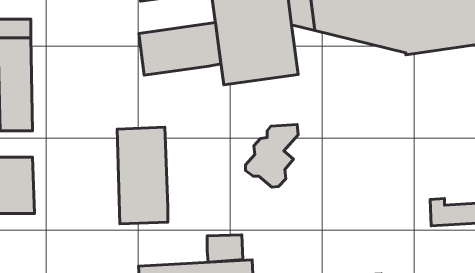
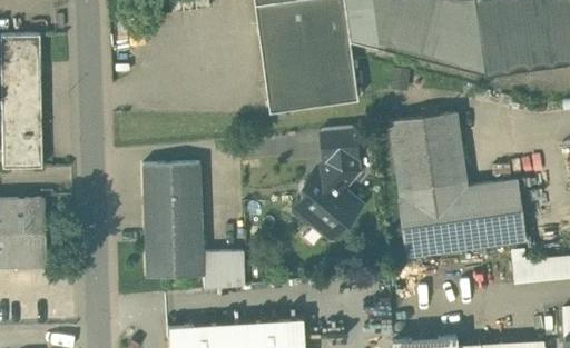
building: [139,22,221,75] -> none
building: none -> [389,115,524,258]
building: none -> [322,129,356,162]
building: [207,235,243,262] -> [203,257,245,289]

